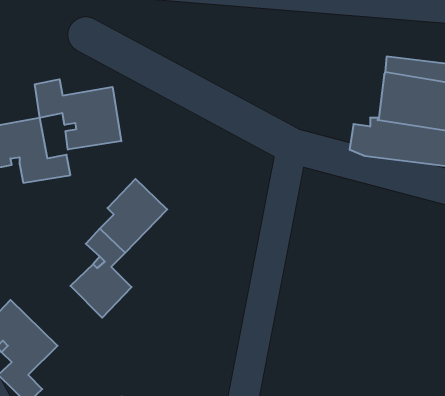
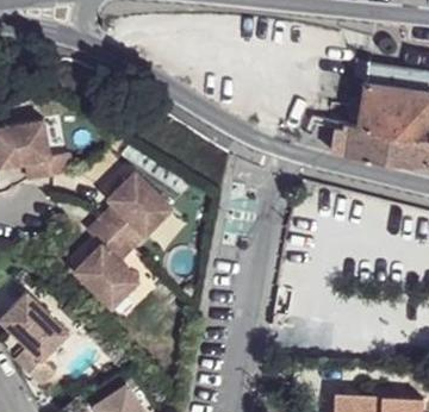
building: [35,79,121,150] -> none

